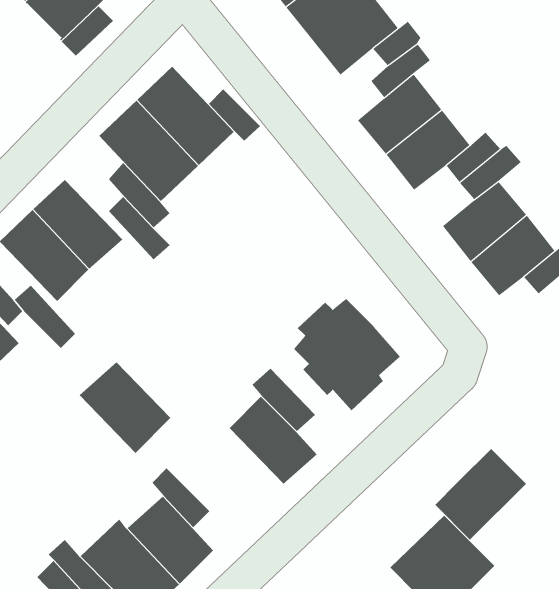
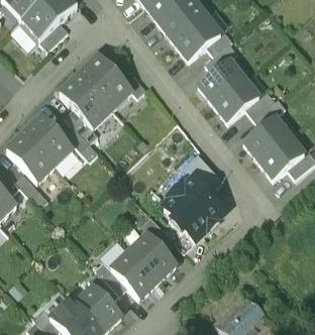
building: none -> [180,151,222,193]
building: [79,361,171,454] -> [108,247,158,297]
building: [434,448,527,541] -> none

